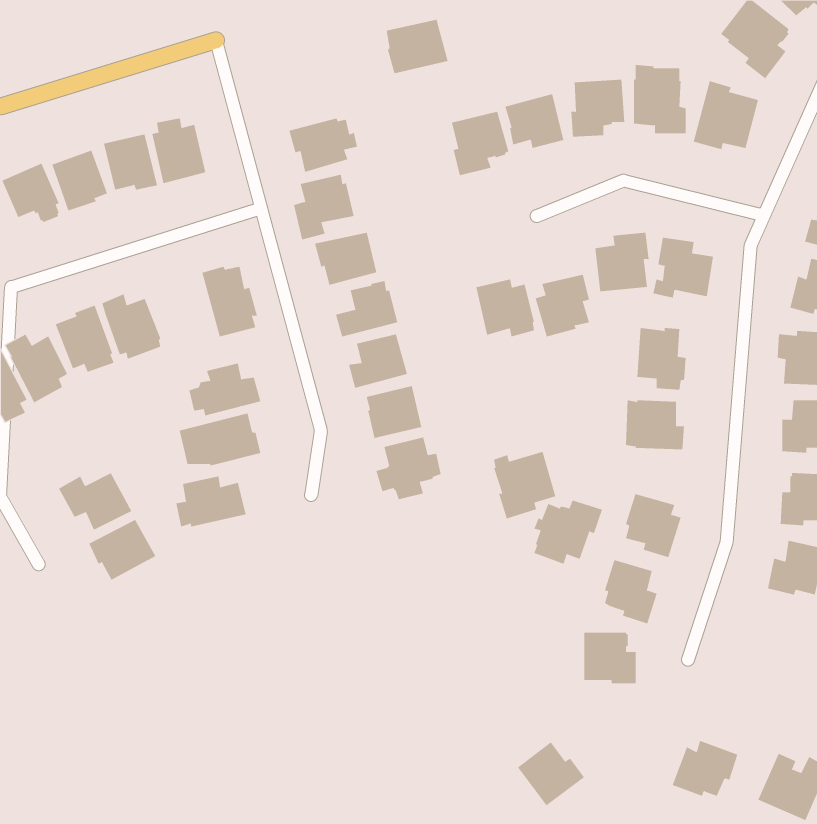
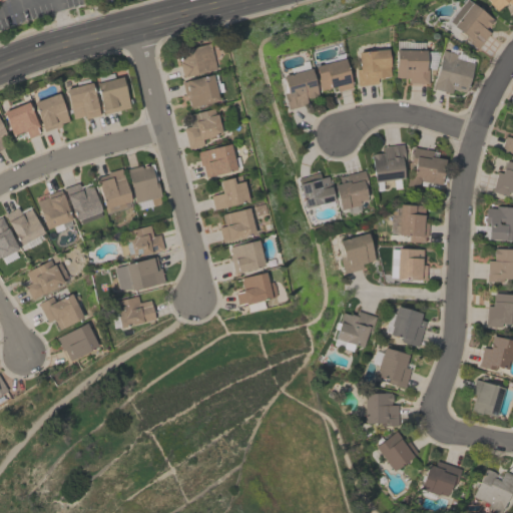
building: [386,19,449,74] -> [180,43,219,77]
building: none -> [99,168,134,213]
building: none -> [28,260,72,299]
building: [493,451,556,519] -> [338,231,377,274]
building: none -> [473,379,506,417]
building: [517,742,585,806] -> [378,431,420,471]

